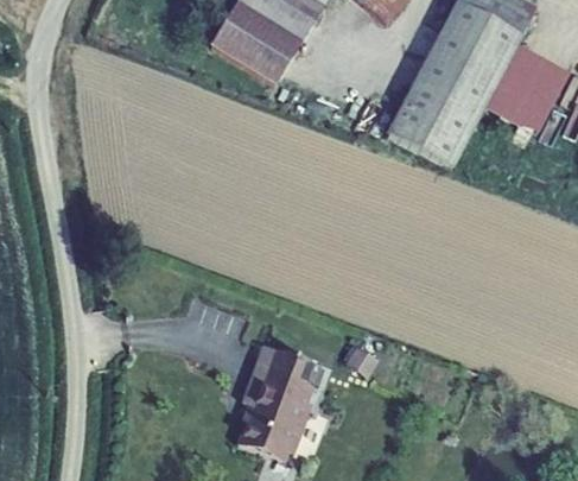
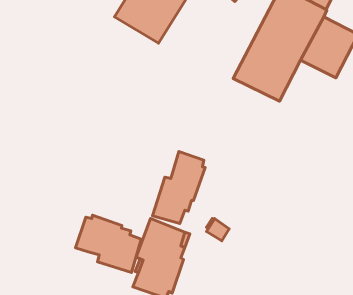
building: none -> [153,151,205,223]
building: none -> [75,215,141,272]

